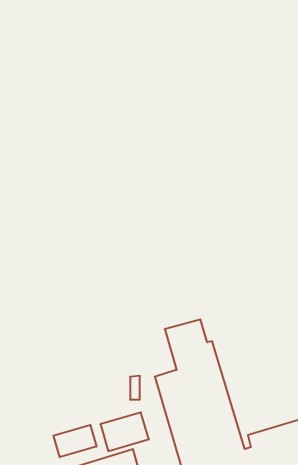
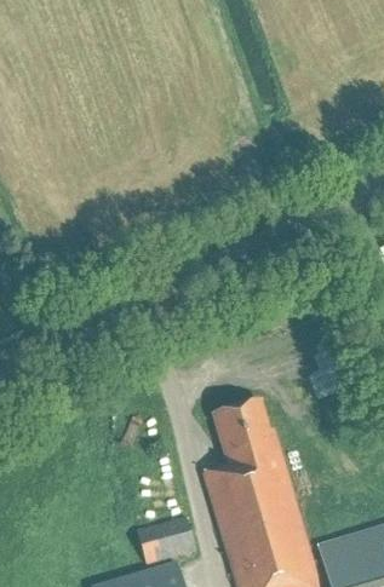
building: [53,425,96,457] -> none

